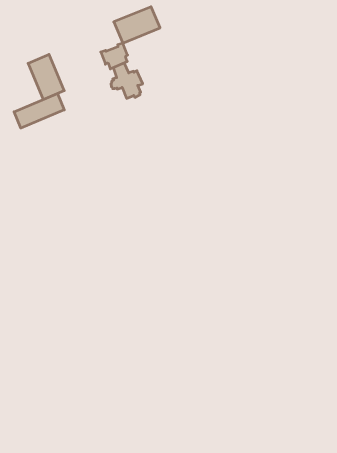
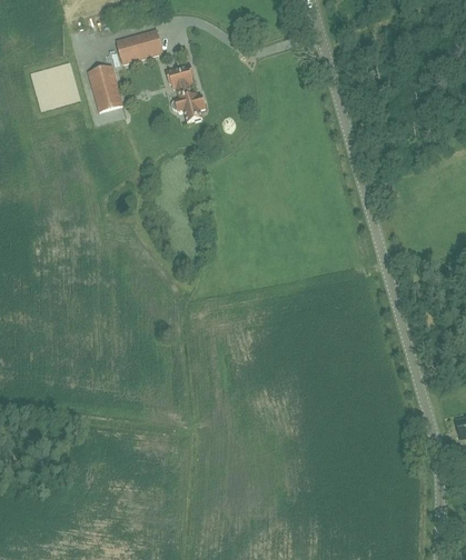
building: [114,7,160,43] -> [116,29,163,63]
building: [14,94,64,128] -> none

